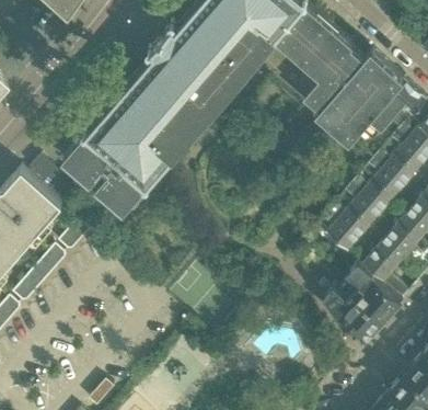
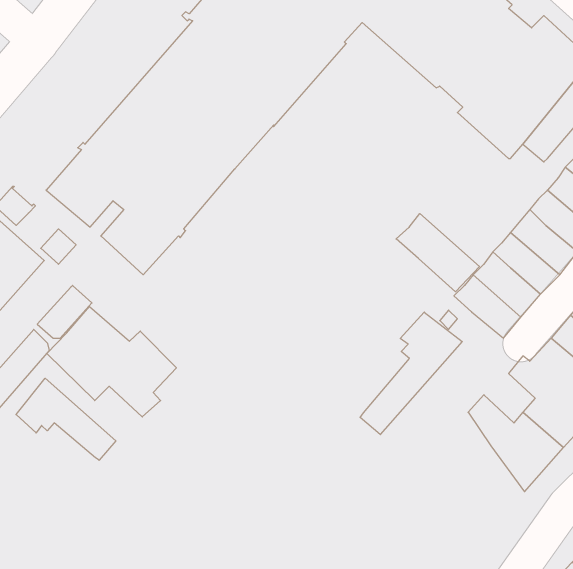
building: none -> [396,214,479,292]
building: none -> [47,307,176,417]
building: none -> [360,312,462,435]
building: none -> [16,378,116,460]

